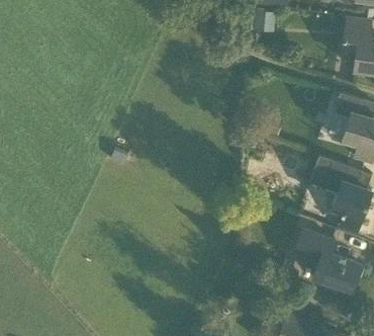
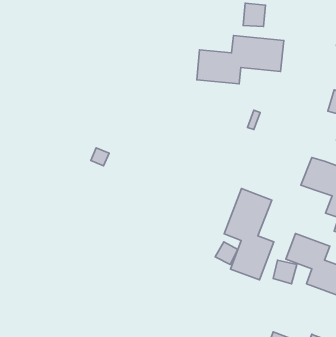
building: none -> [197,36,284,84]
building: none -> [224,188,274,280]

